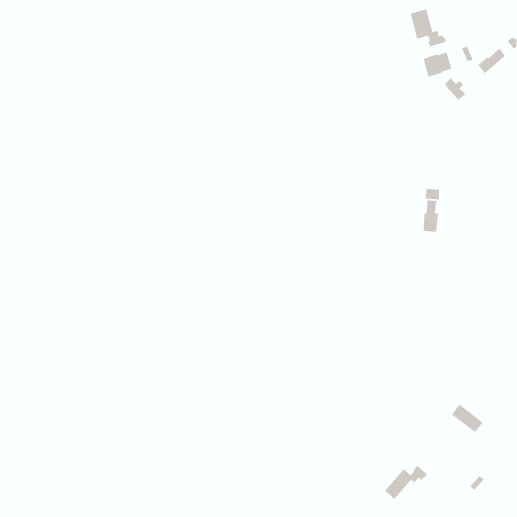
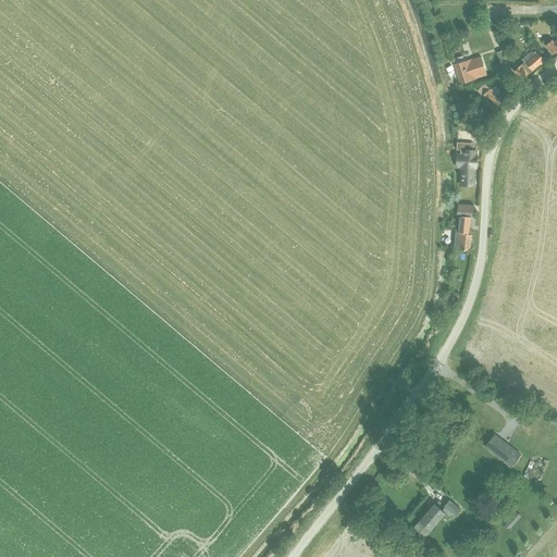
building: [410,9,446,47] -> none
building: none -> [454,141,475,178]

